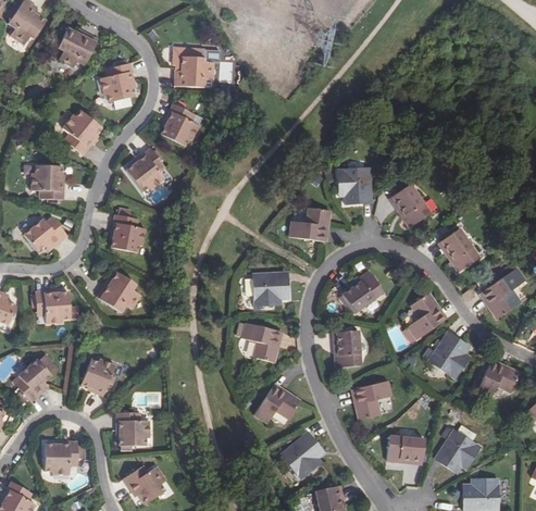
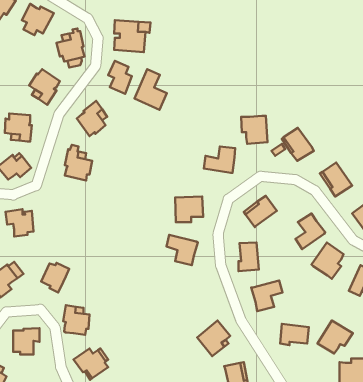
building: none -> [134,69,167,110]
building: [102,272,142,314] -> none
building: [253,383,300,422] -> none

